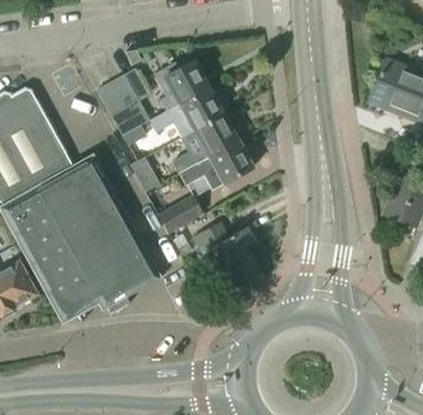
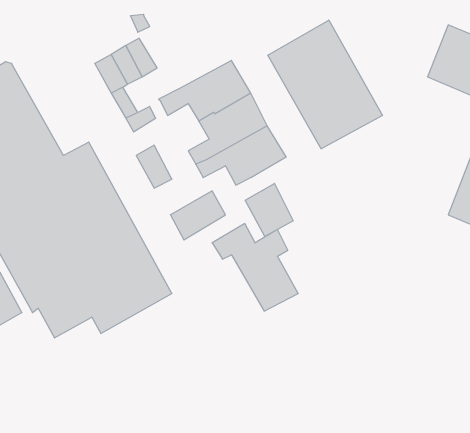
building: none -> [268,20,382,149]
building: [153,60,207,111] -> none
building: none -> [245,183,293,236]

